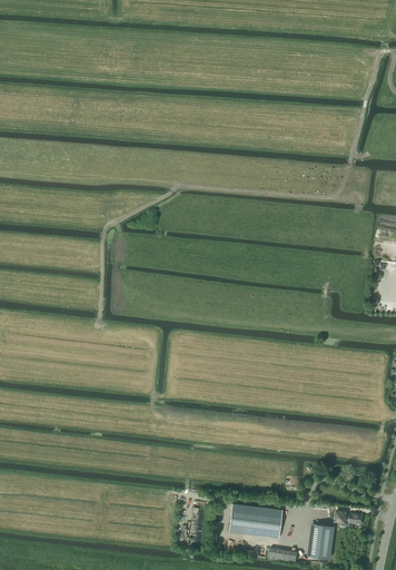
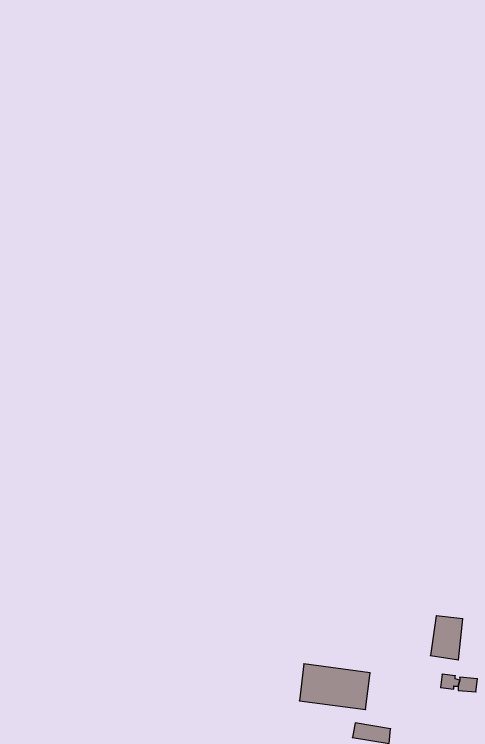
building: [309,524,334,558] -> [430,616,463,660]

